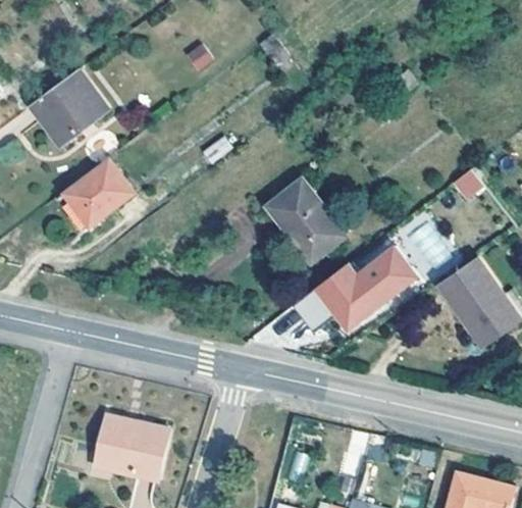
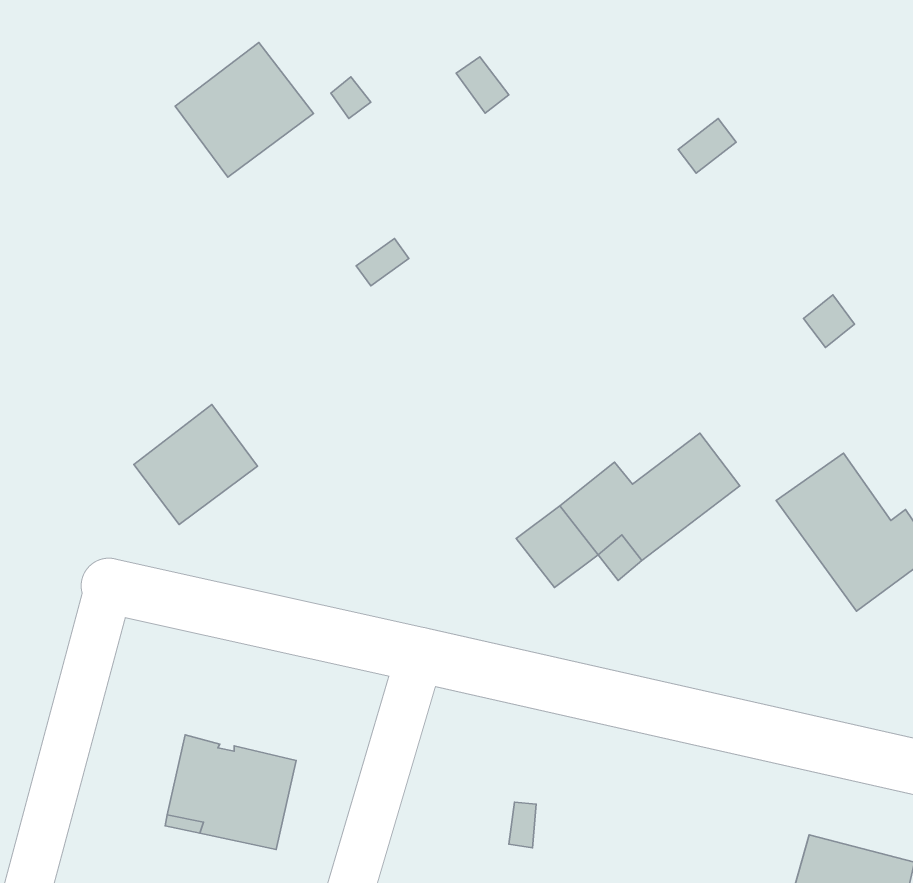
building: [30,70,107,146] -> [175,43,313,177]
building: [63,159,133,226] -> [134,404,257,524]
building: [267,180,345,262] -> none

